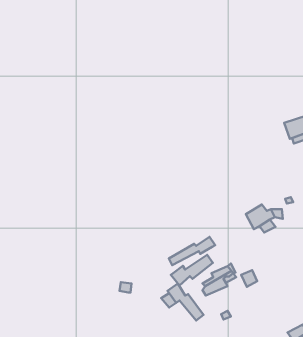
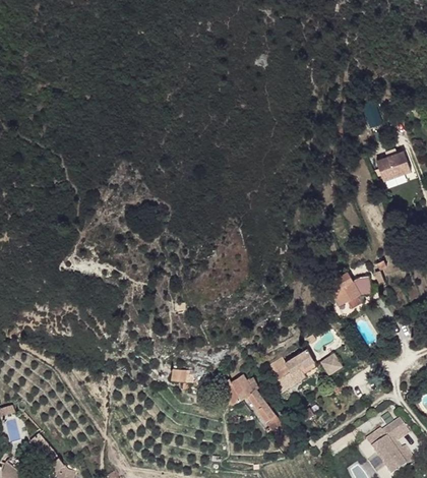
building: [169,237,215,265] -> none
building: [171,255,213,286] -> none

